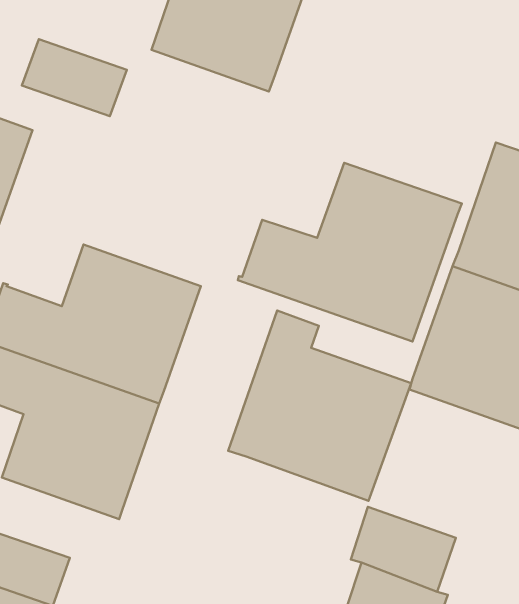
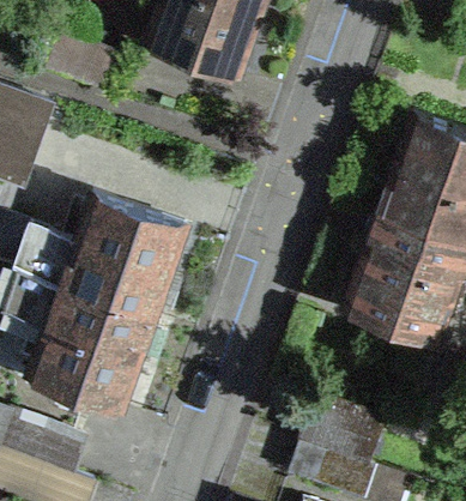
building: [238,163,462,341] -> none
building: [228,310,411,501] -> none

